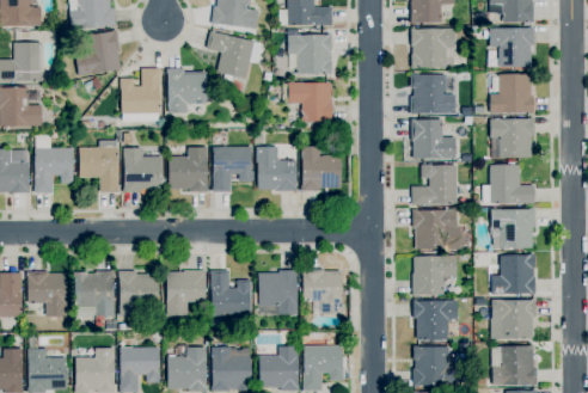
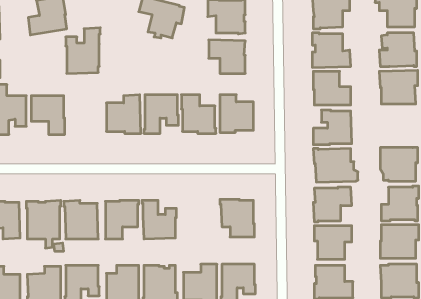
building: [167,68,207,113] -> none
building: [123,148,164,194] -> none
building: [483,165,534,204] -> none
building: [259,271,299,315] -> none

